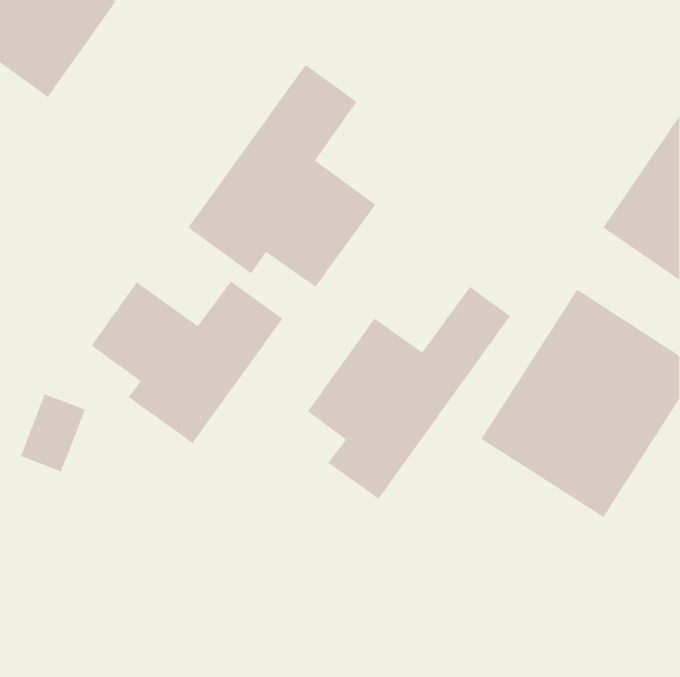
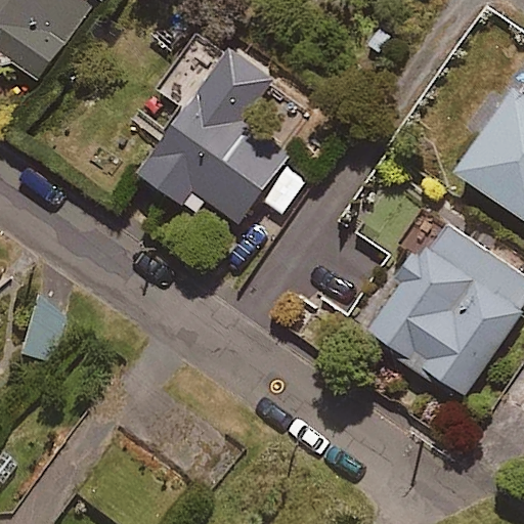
building: [91,281,283,444] -> none
building: [307,286,511,499] -> none

